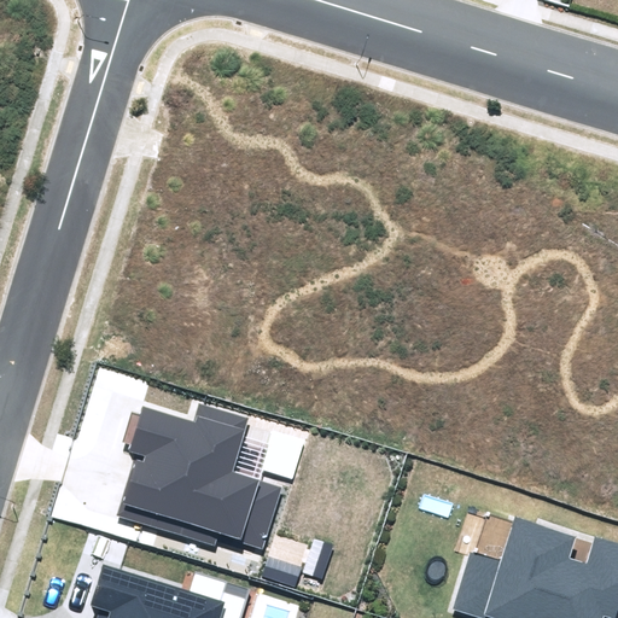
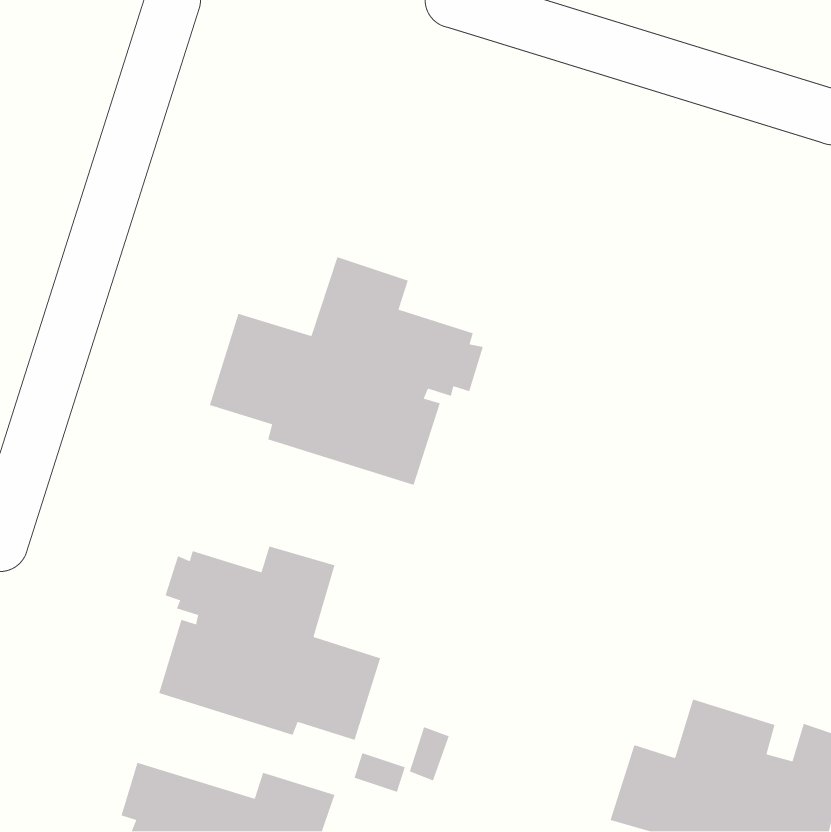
building: none -> [209,256,484,486]

